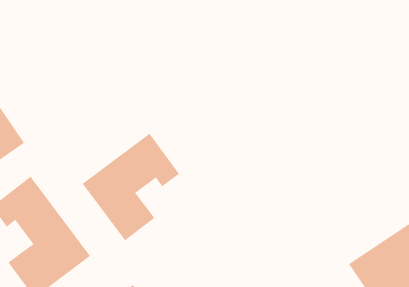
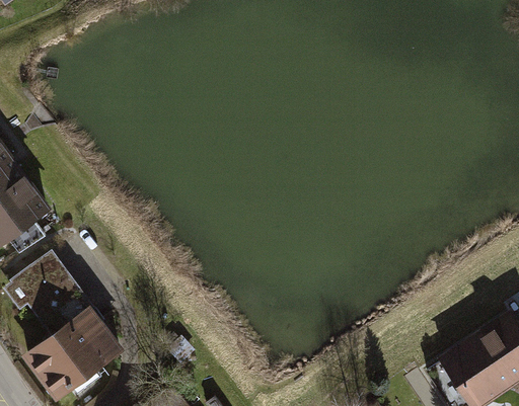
building: [82,133,180,241] -> none

